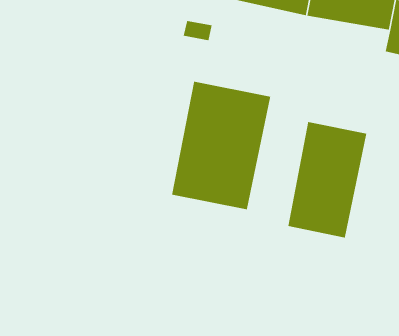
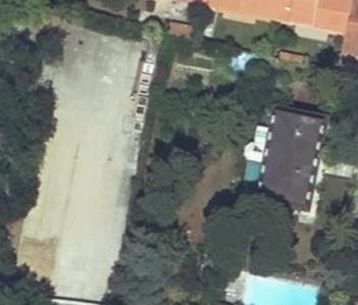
building: [171,81,271,210] -> none

